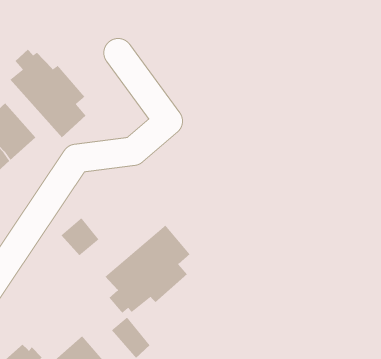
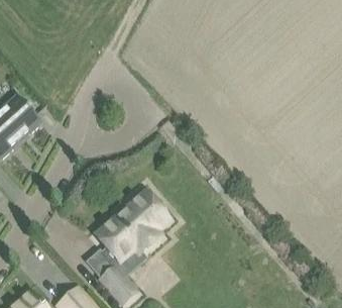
building: [10,49,86,138] -> none
building: [61,217,100,256] -> none

